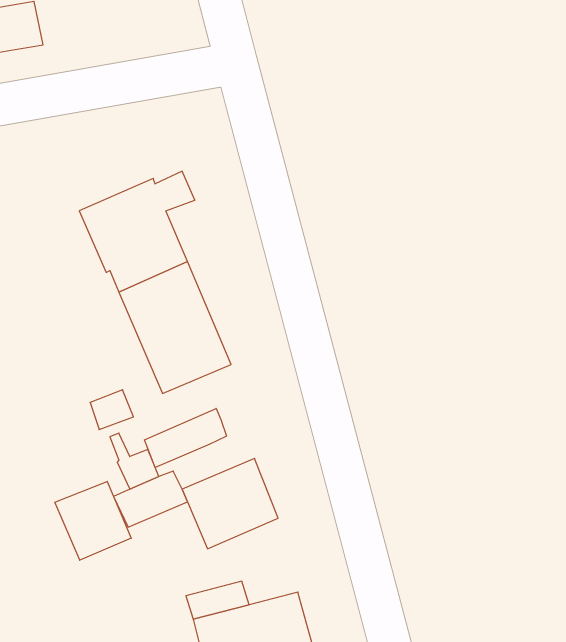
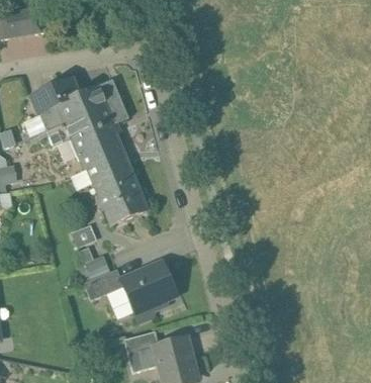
building: none -> [31,79,121,130]
building: [145,408,227,468] -> none
building: [55,481,131,560] -> none

